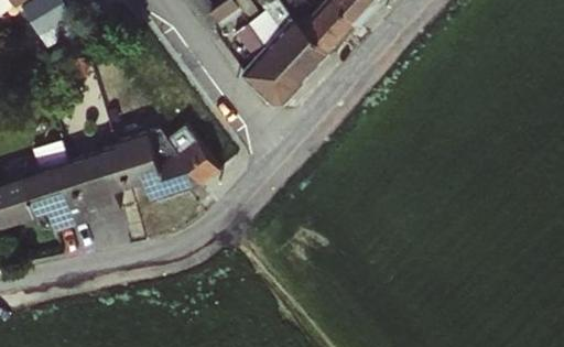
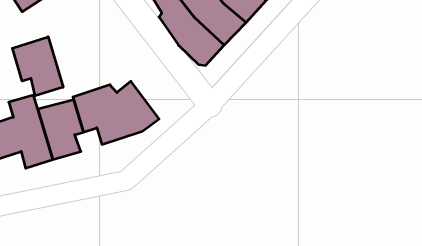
building: none -> [12,37,63,96]

